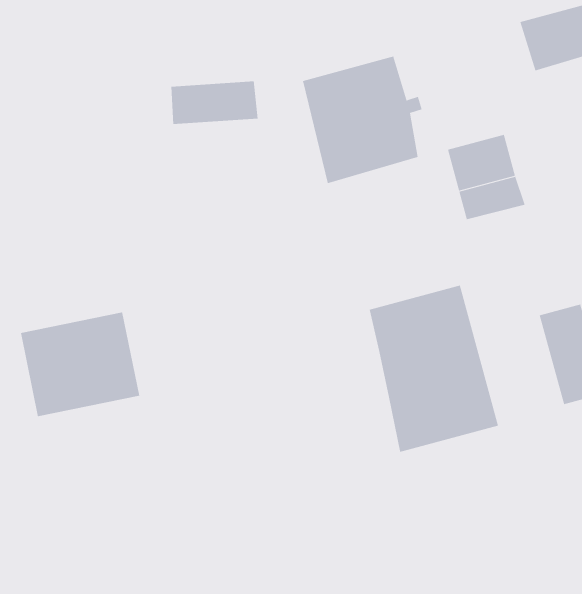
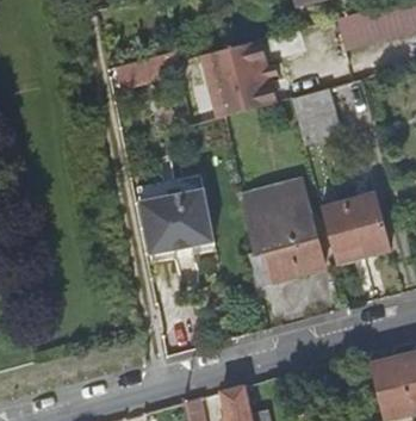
building: [20,312,140,417] -> [138,184,213,249]
building: none -> [319,203,361,266]

